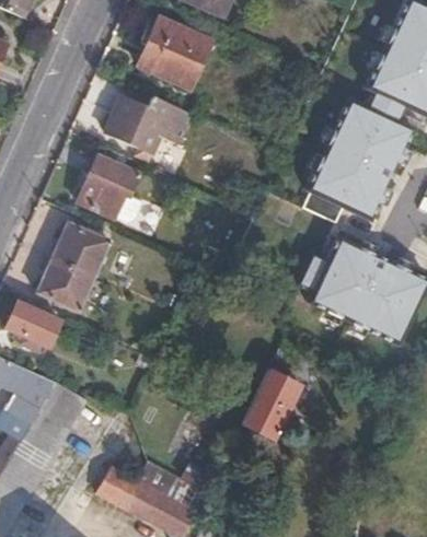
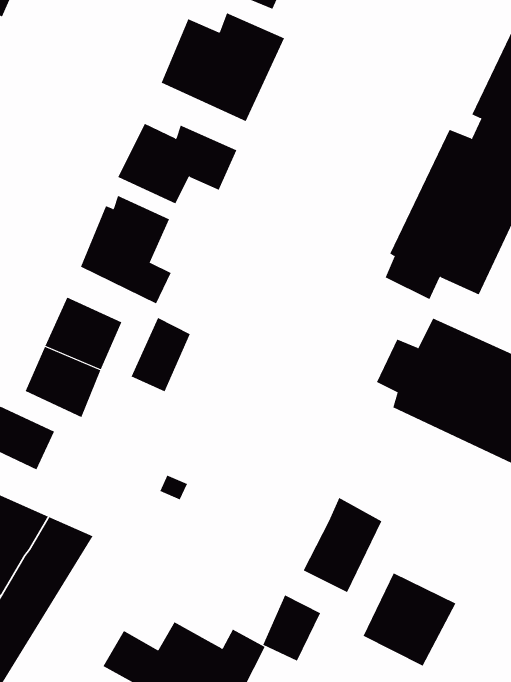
building: none -> [131,317,191,392]
building: none -> [363,573,456,667]
building: none -> [262,595,321,662]

